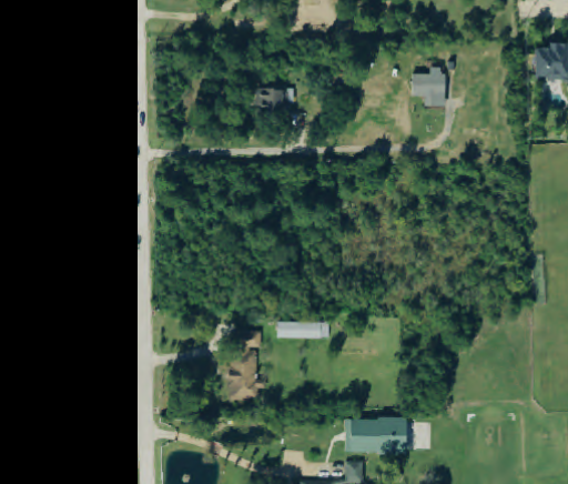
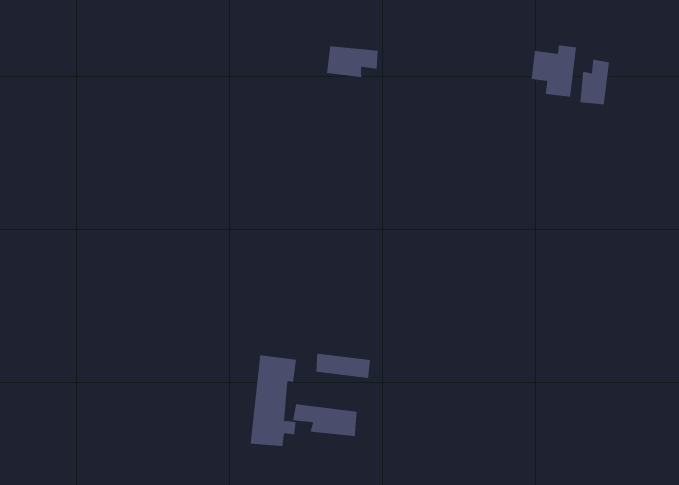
building: none -> [580,59,610,105]
building: none -> [292,404,357,437]

